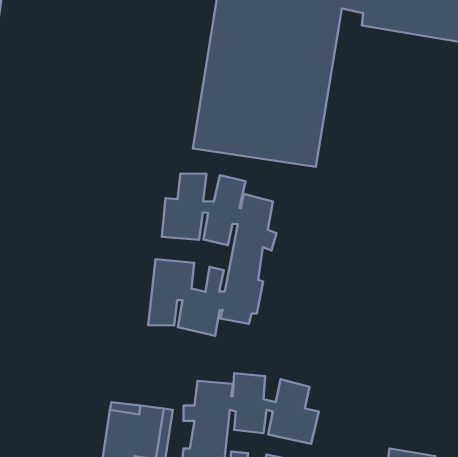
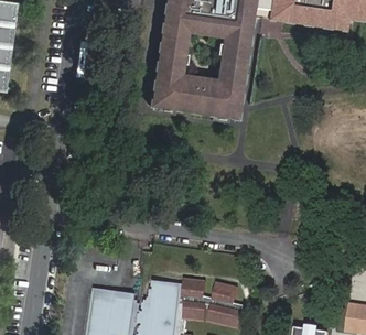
building: [148,173,276,336] -> none

